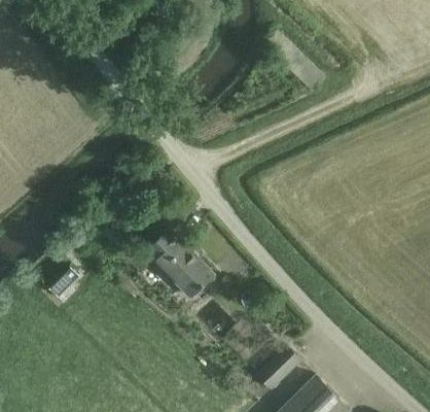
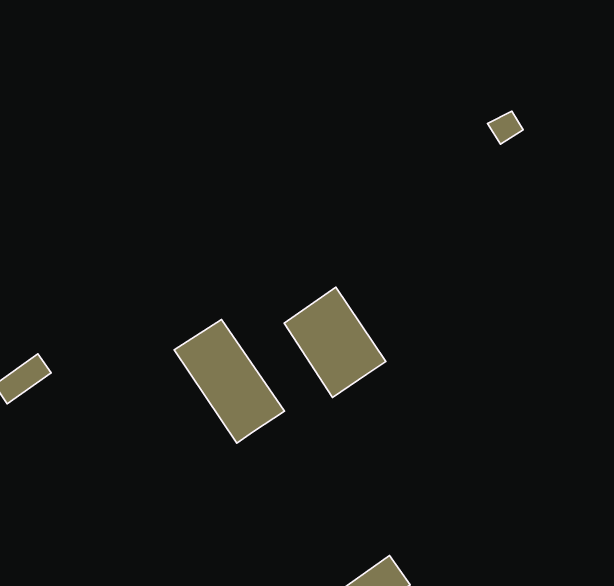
building: none -> [284,287,386,398]

